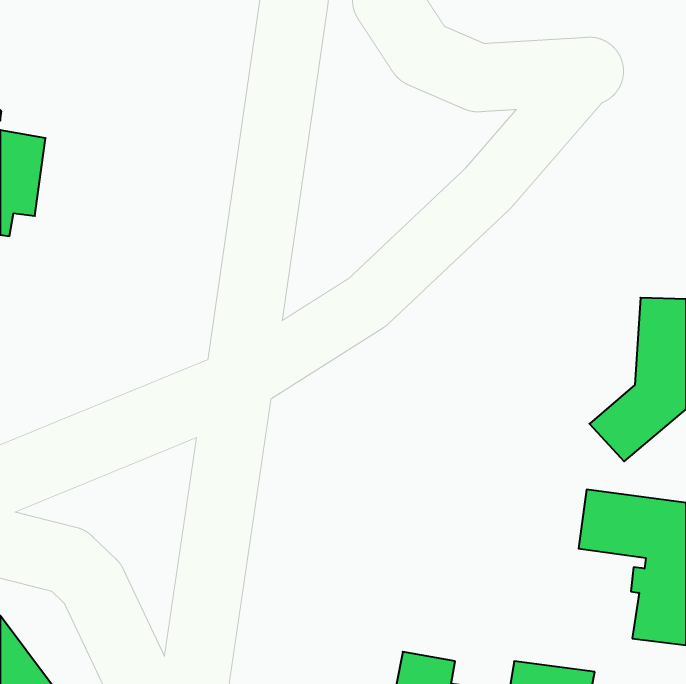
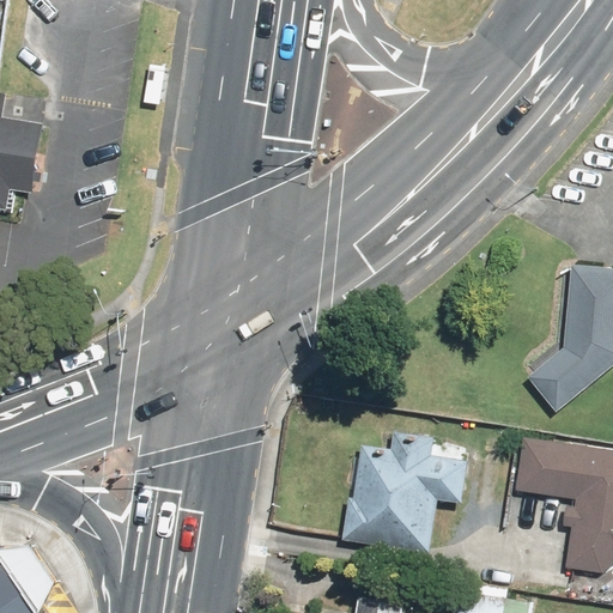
building: none -> [340,438,467,548]

